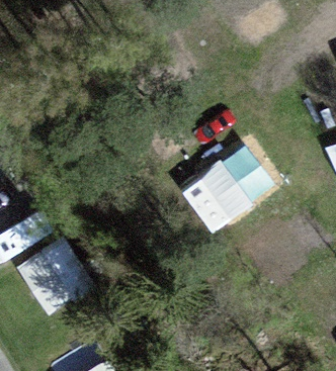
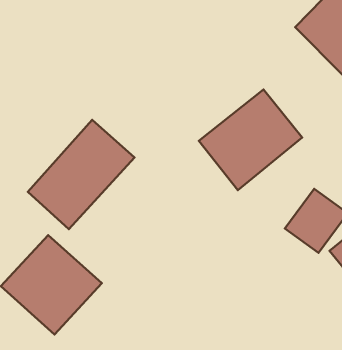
building: none -> [28,120,134,229]

